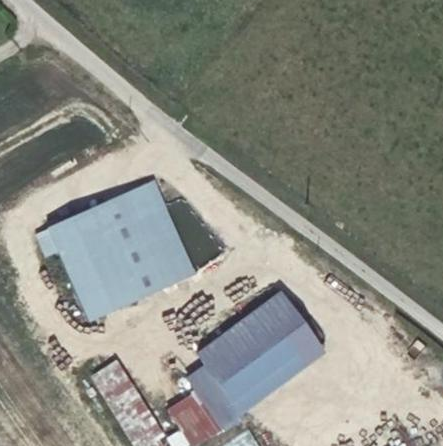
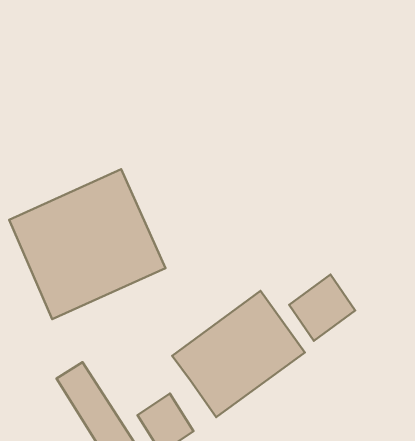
building: none -> [289,275,355,341]
building: [198,377,241,424] -> none

